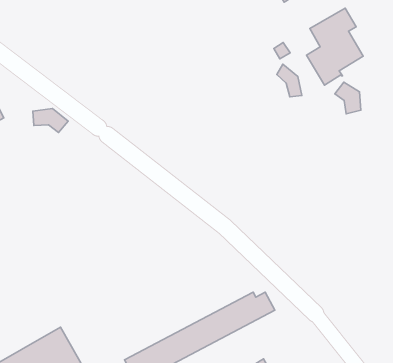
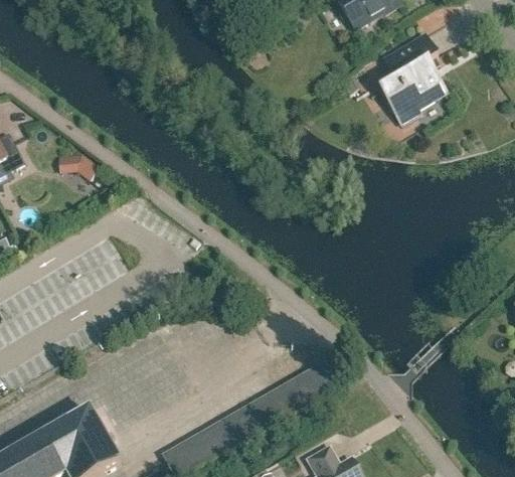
building: [277,64,302,97] -> none
building: [335,82,361,114] -> none

